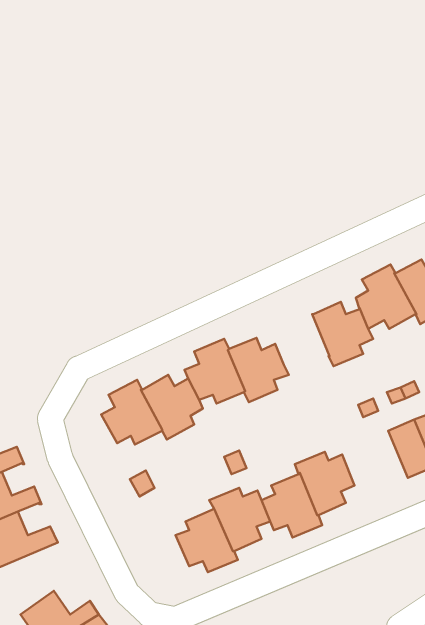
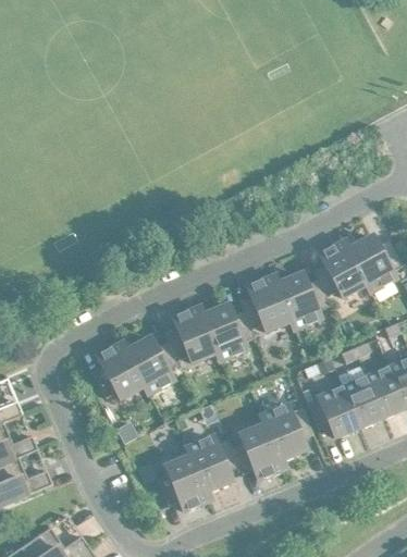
building: none -> [240,274,292,330]
building: none -> [307,385,360,436]

